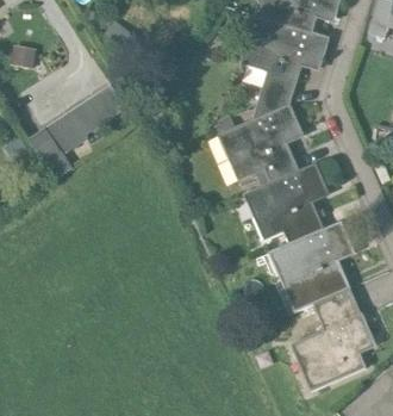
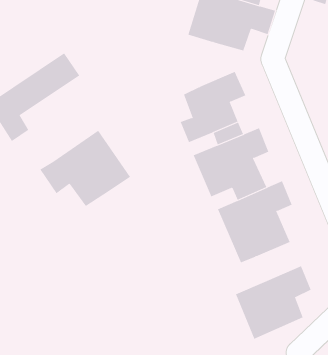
building: [251,73,299,120] -> none
building: none -> [39,130,131,207]
building: [312,288,361,330] -> none

